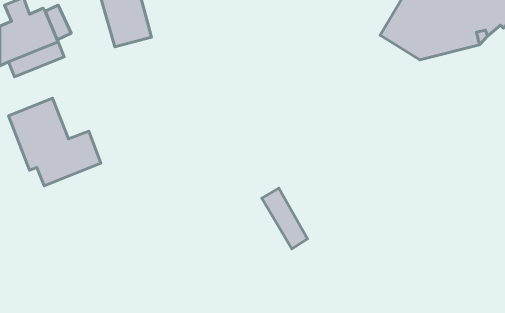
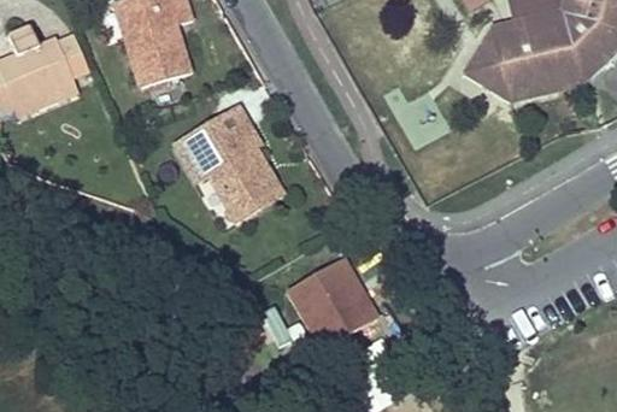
building: none -> [178,106,283,217]
building: [9,98,101,186] -> none
building: none -> [284,267,355,349]

